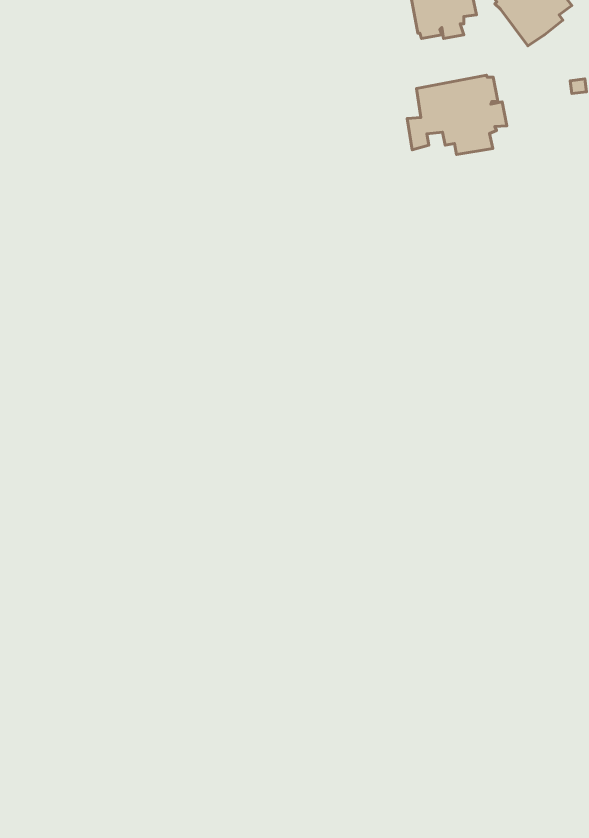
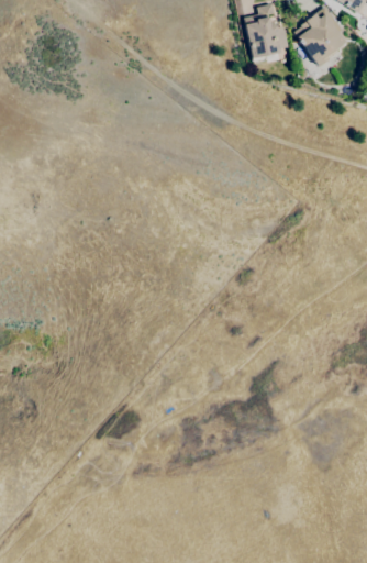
building: [407,75,507,155] -> none

